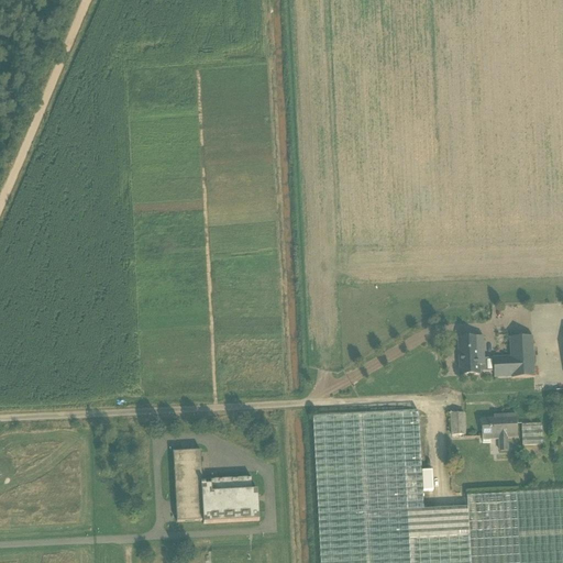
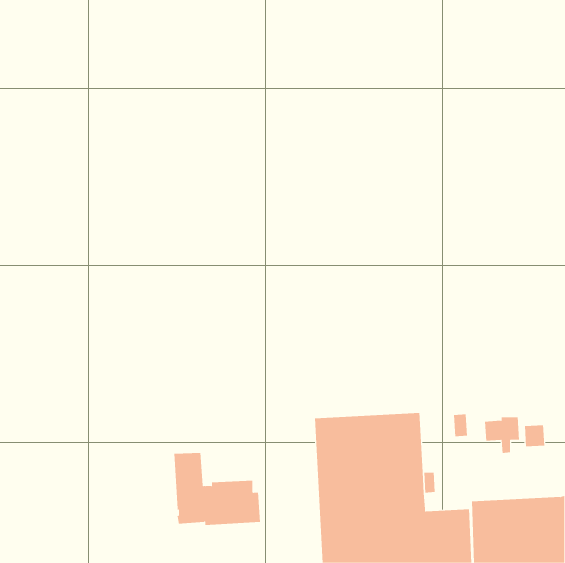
building: [459,336,483,375] -> none
building: [494,338,534,378] -> none

